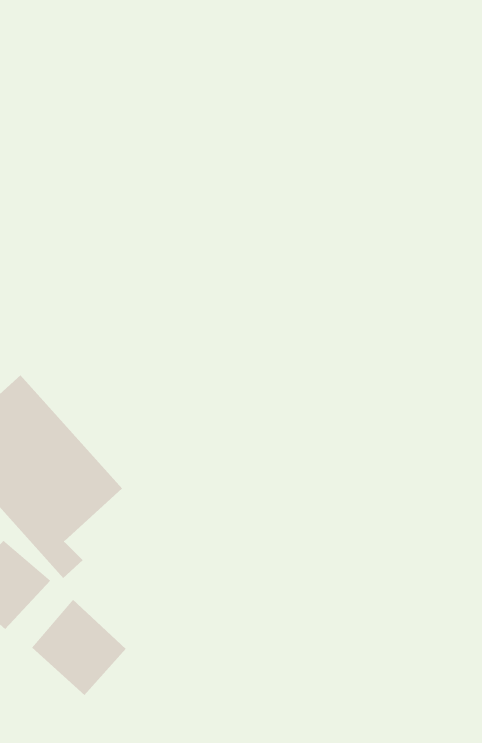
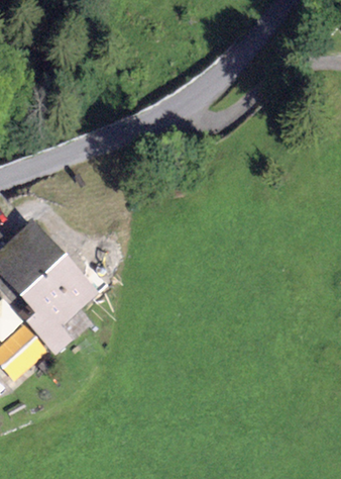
building: [31,599,127,696] -> none

